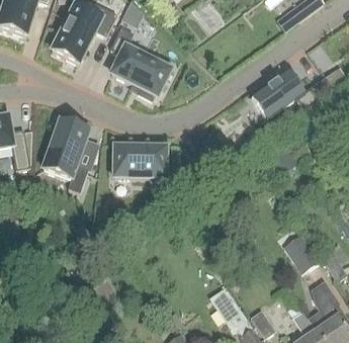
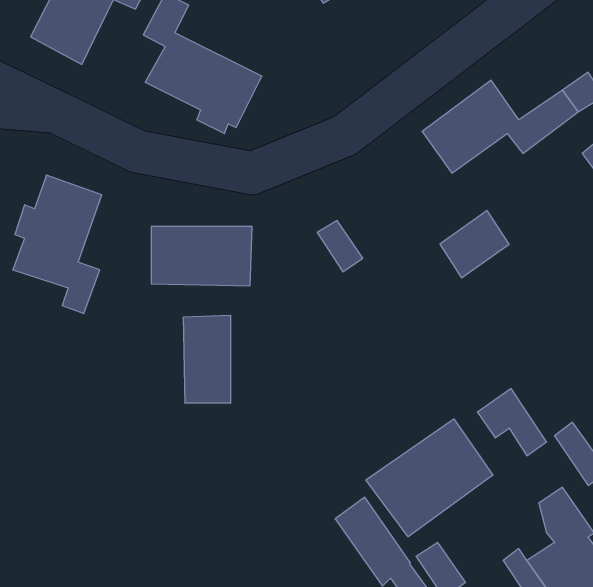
building: none -> [184,315,230,403]
building: none -> [366,419,493,537]

